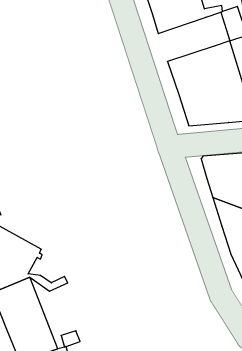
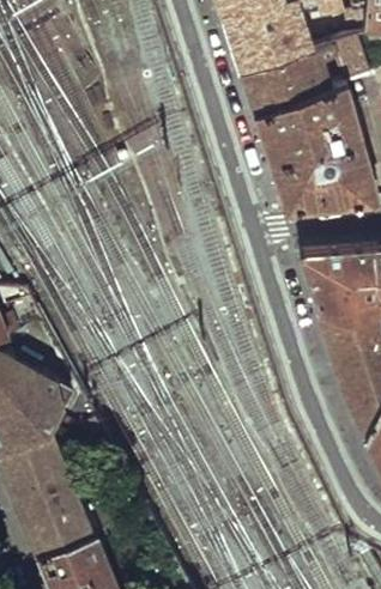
building: none -> [240,54,322,119]

